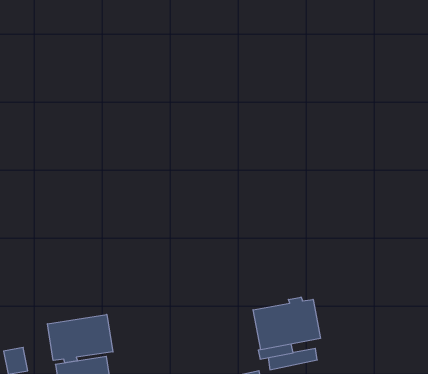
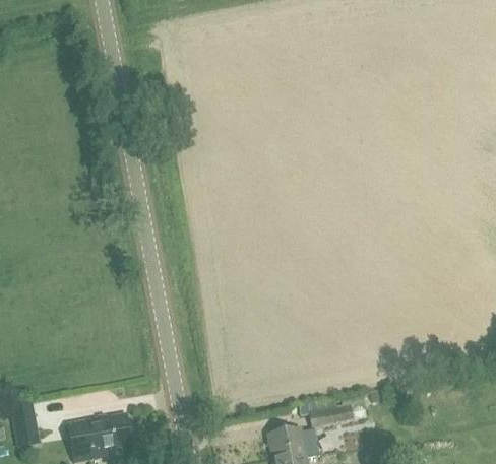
building: [253,297,320,350] -> none
building: [47,314,113,363] -> none

